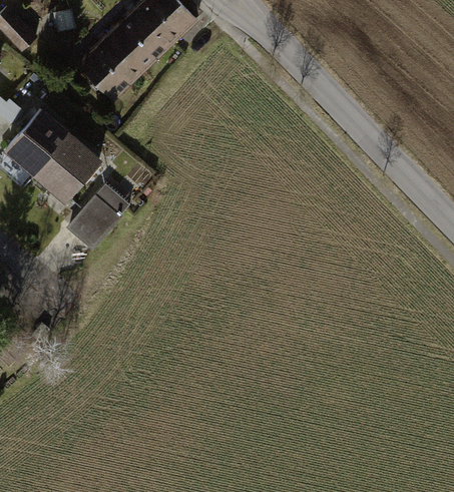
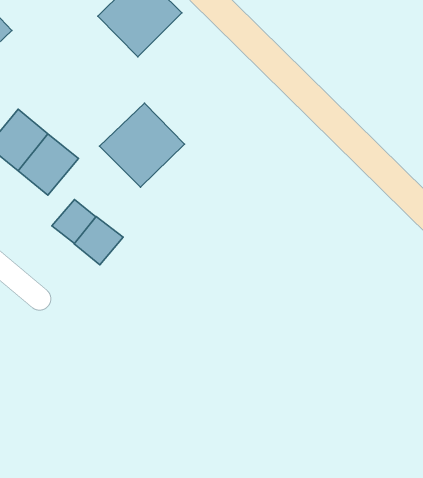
building: [74,21,157,103] -> [100,103,184,187]
building: none -> [74,216,123,265]

